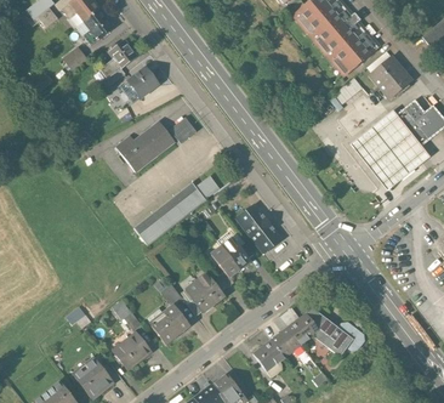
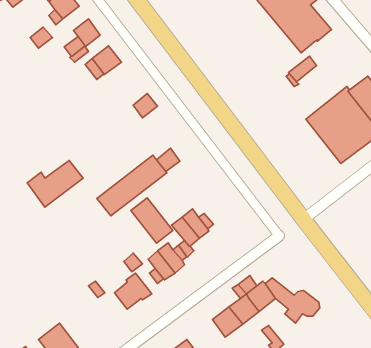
building: [372,56,412,100] -> none
building: [116,121,175,170] -> [27,161,83,207]
building: [238,204,281,251] -> [131,198,173,243]
building: [114,331,152,368] -> none

